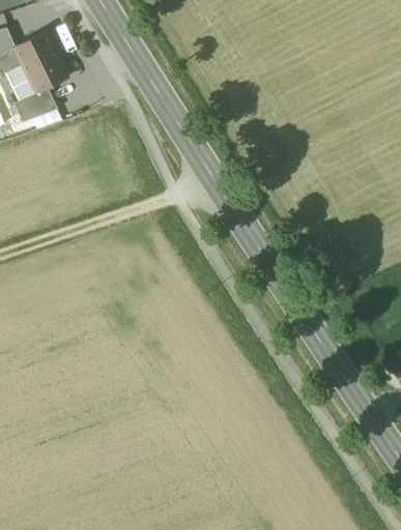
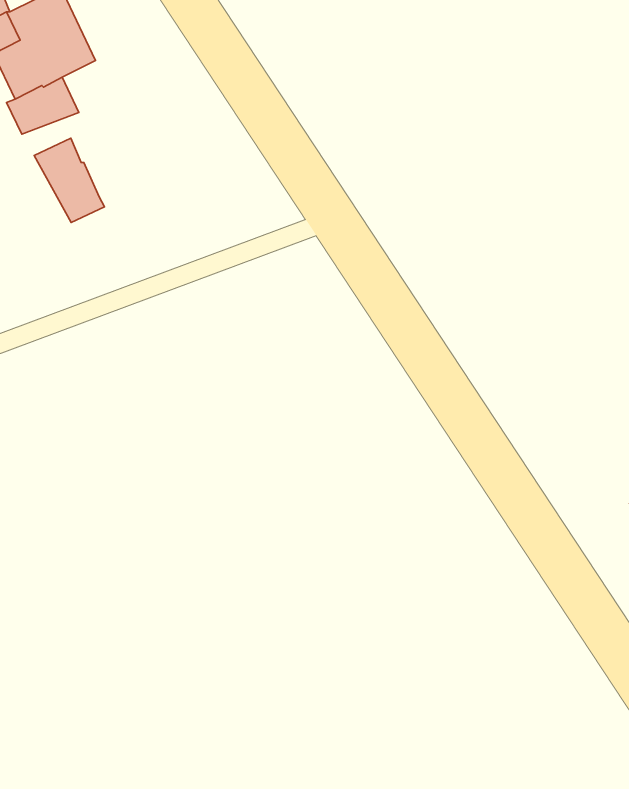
building: none -> [34,138,105,223]

